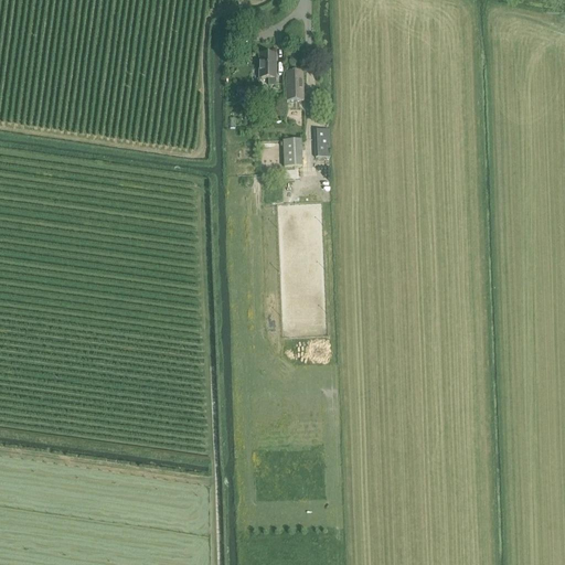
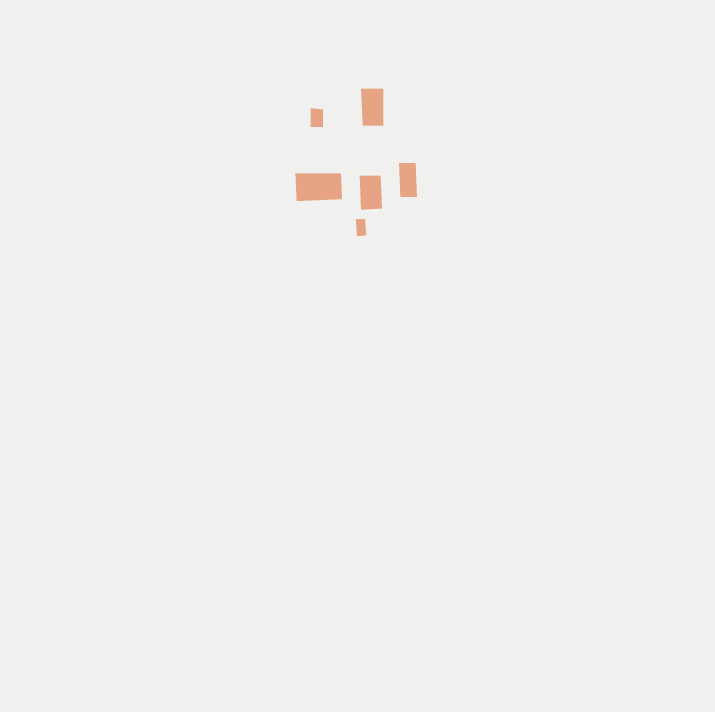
building: [258,52,275,83] -> none
building: none -> [295,172,343,202]

